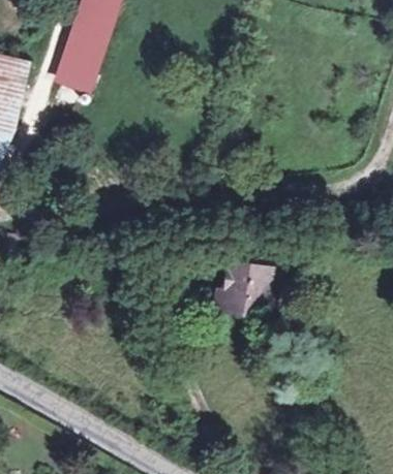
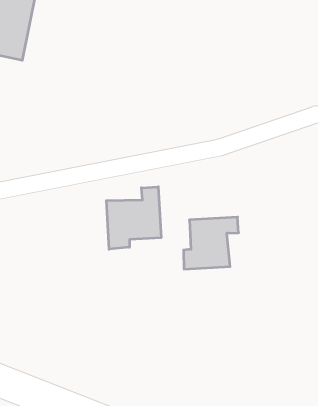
building: none -> [106,187,161,249]

